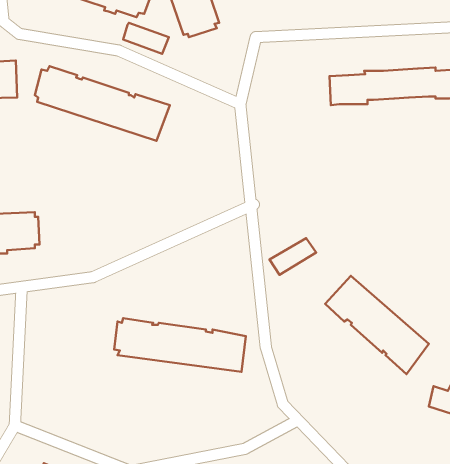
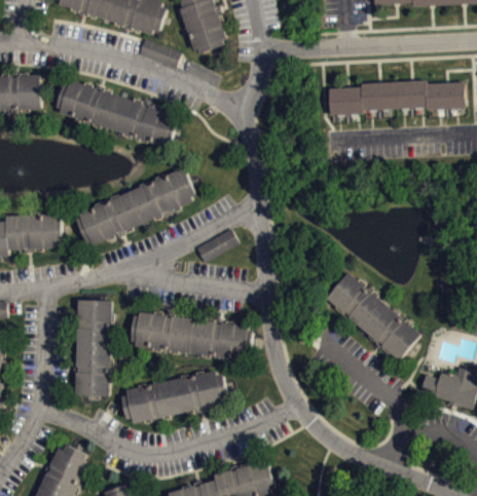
building: none -> [75,169,195,244]
building: [269,238,316,275] -> [194,228,237,262]
building: none -> [74,300,111,394]
building: none -> [120,370,228,422]

